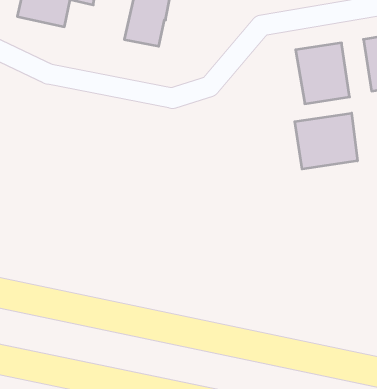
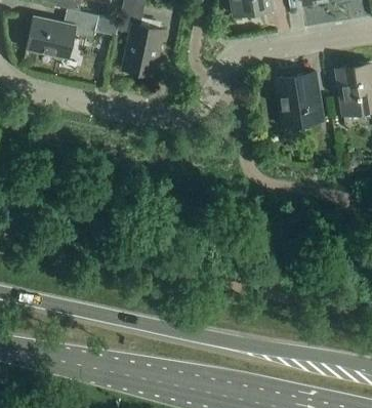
building: [295,113,357,169] -> none

